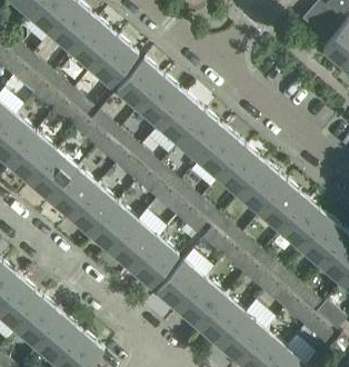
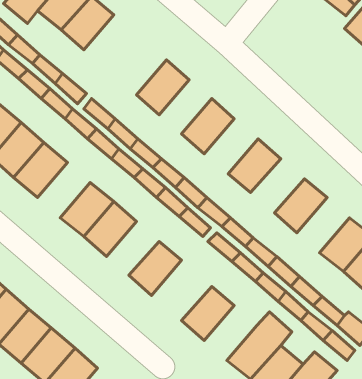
building: [91,38,138,87] -> none
building: [117,60,164,109] -> none
building: [148,96,205,156] -> none
building: [190,130,246,189] -> none
building: [239,166,287,214] -> none
building: [50,169,97,218] -> none
building: [280,200,327,249] -> none
building: [111,221,158,269] -> none
building: [157,250,213,309] -> none
building: [198,296,245,345] -> none

